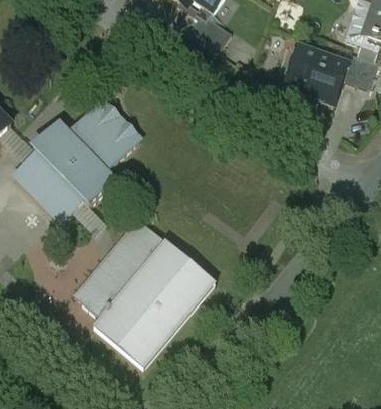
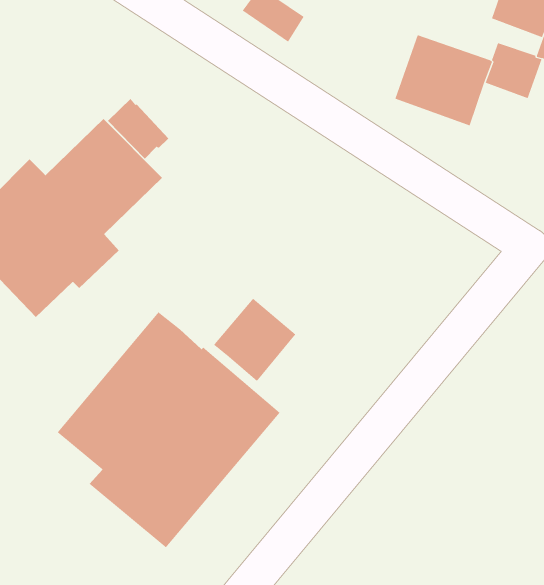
building: none -> [107,98,169,160]
building: none -> [214,298,296,382]

